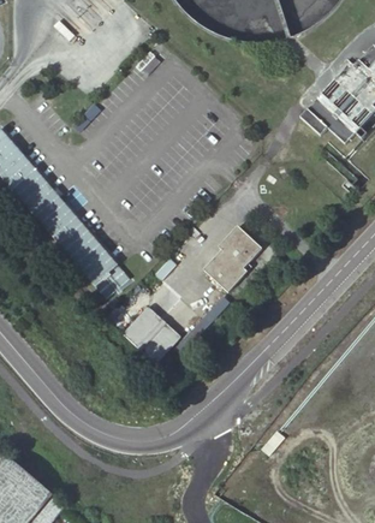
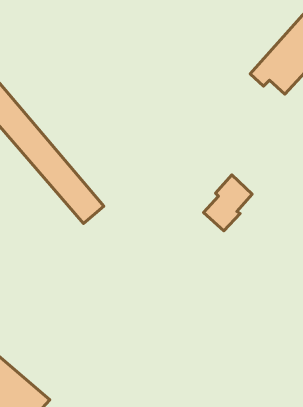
building: [203,225,261,291] -> [203,175,252,231]
building: [124,305,181,362] -> none

